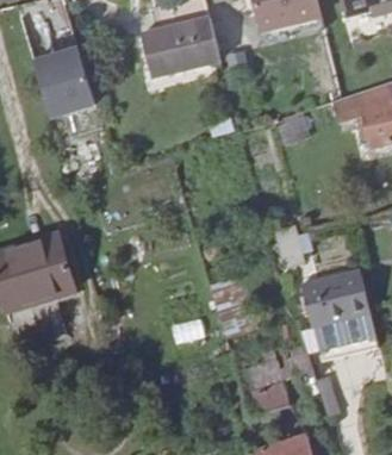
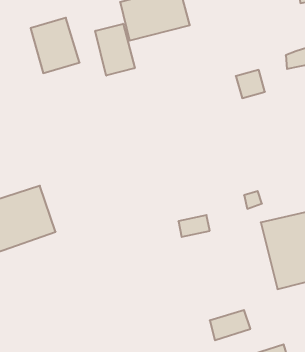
building: none -> [95,24,135,76]

